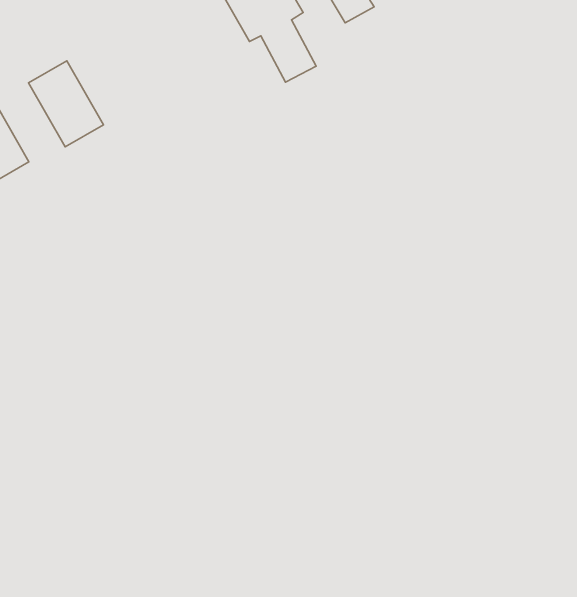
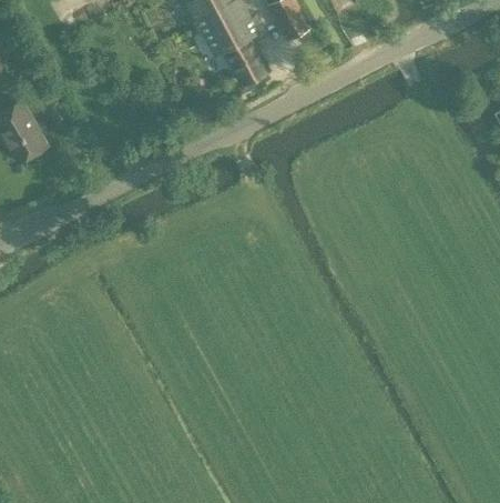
building: [28,61,104,147] -> none

